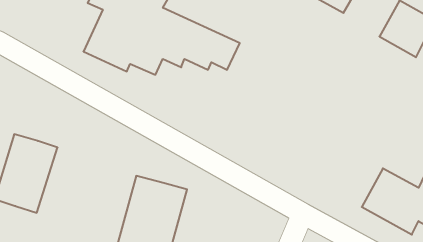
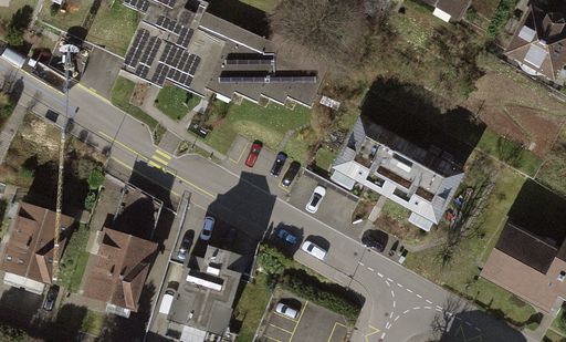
building: none -> [329,114,465,226]
building: none -> [85,198,168,311]

